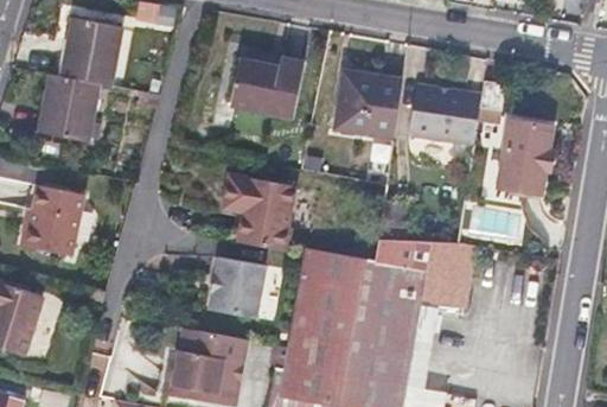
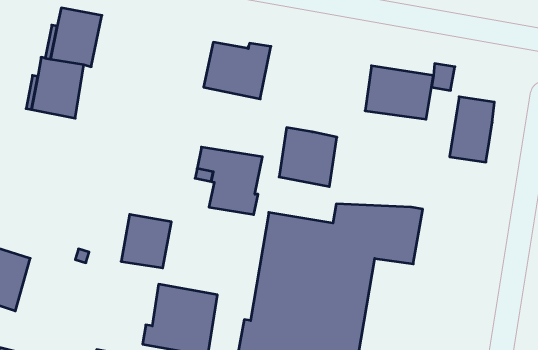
building: [337,74,401,139] -> [279,128,337,187]
building: [20,184,83,255] -> none
building: [209,256,264,316] -> [121,214,171,268]

